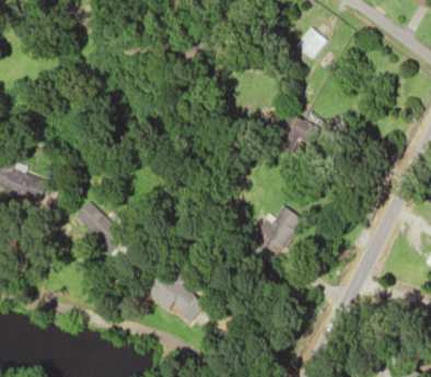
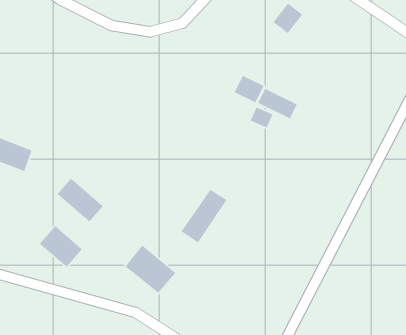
building: none -> [234,75,265,103]
building: [249,208,296,262] -> [181,189,228,244]
building: none -> [39,225,83,268]

